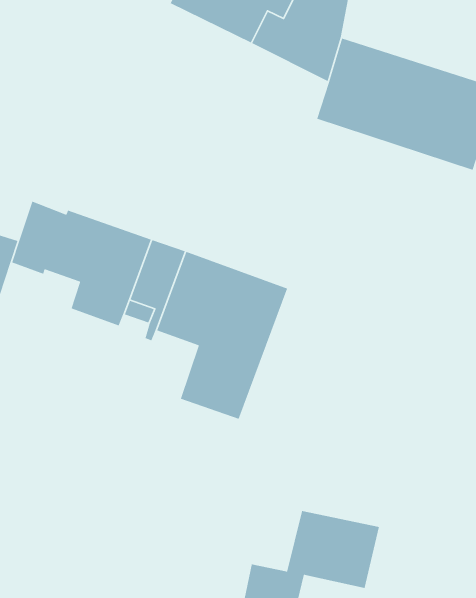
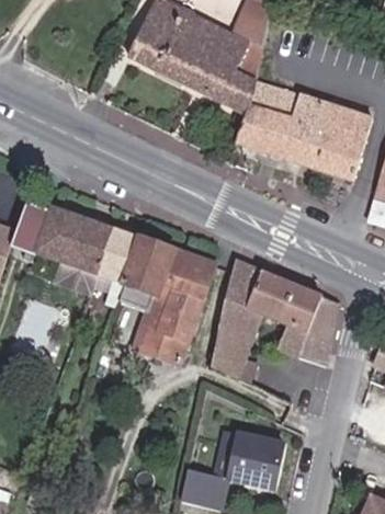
building: none -> [211,260,338,404]

